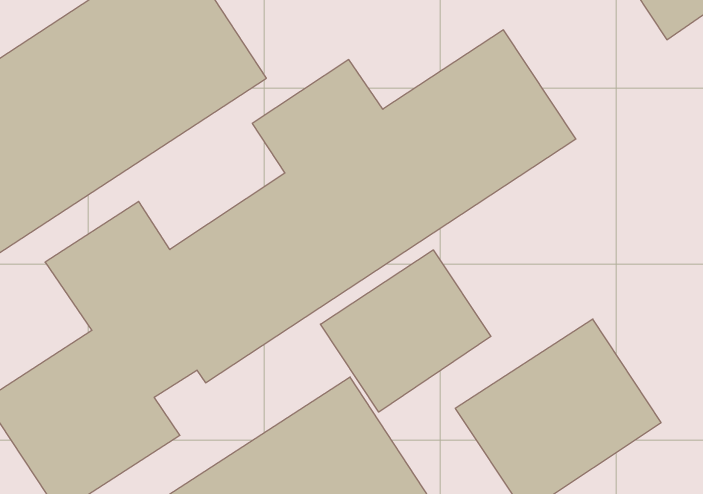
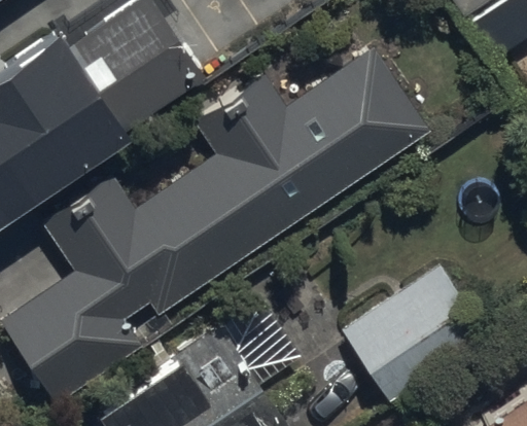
building: [320,250,491,412] -> none

